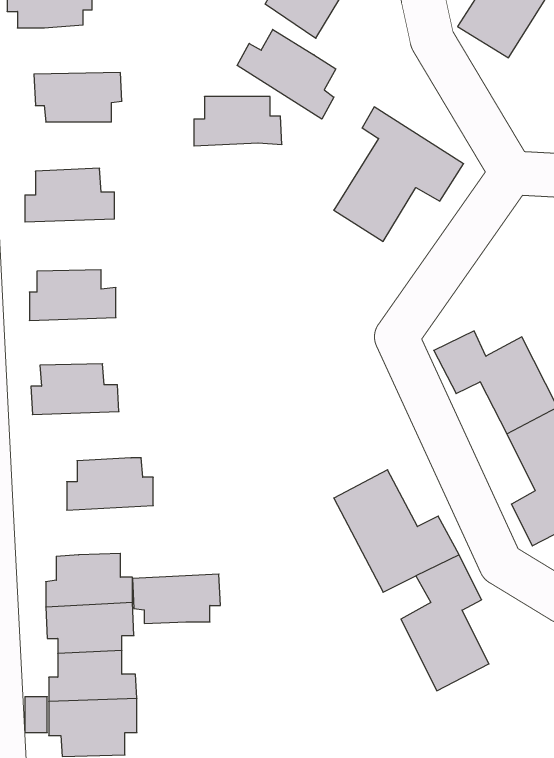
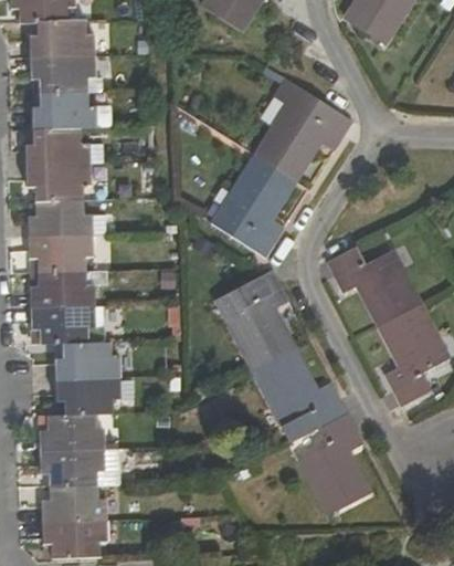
building: none -> [31,19,95,55]
building: [237,29,336,119] -> none
building: [194,97,282,146] -> [32,91,97,127]
building: none -> [211,156,289,256]
building: none -> [24,163,91,201]
building: none -> [28,235,93,271]
building: none -> [218,270,293,369]
building: none -> [30,305,104,342]
building: [132,574,220,623] -> [55,375,120,411]

